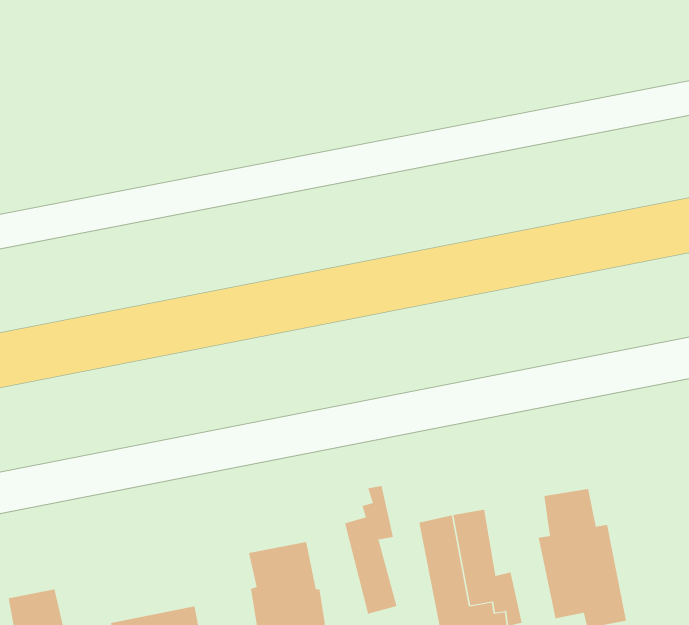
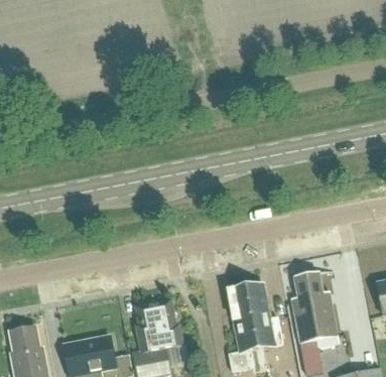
building: [345,485,397,615] -> none

